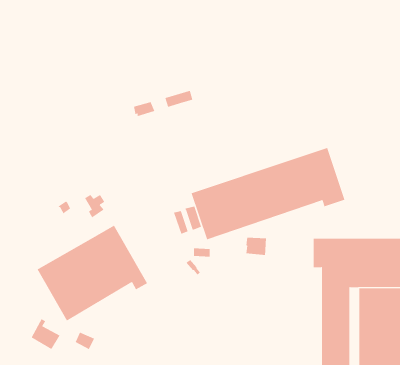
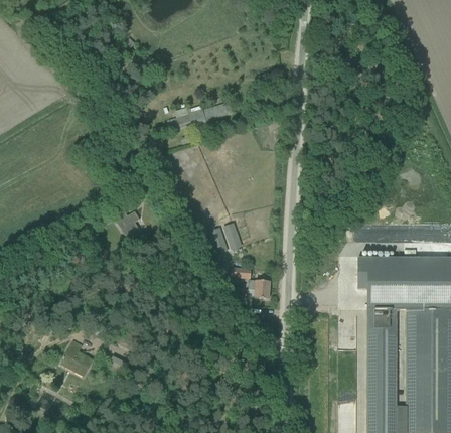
building: [191,147,345,240] -> none
building: [37,225,148,322] -> none
building: [246,237,267,255] -> [249,279,271,298]

